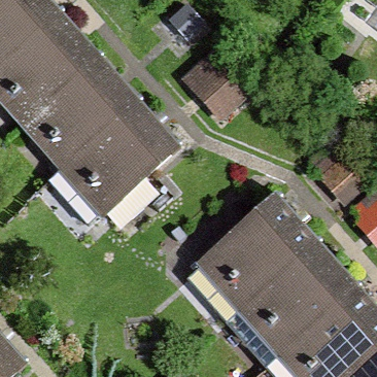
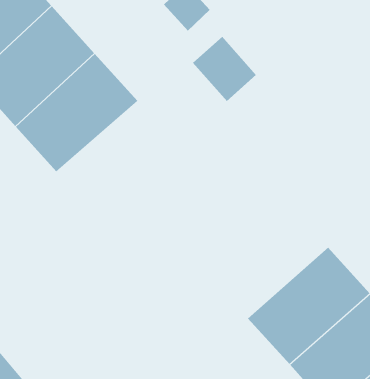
building: [57,108,175,221] -> none
building: [199,202,316,315] -> none

